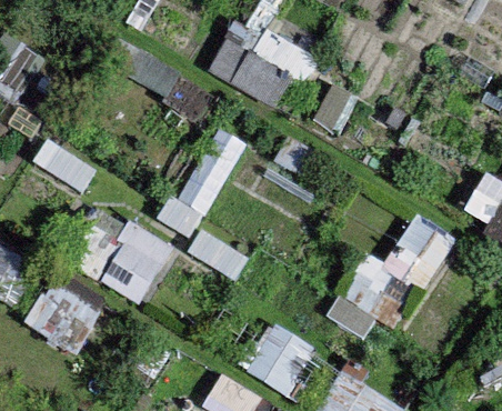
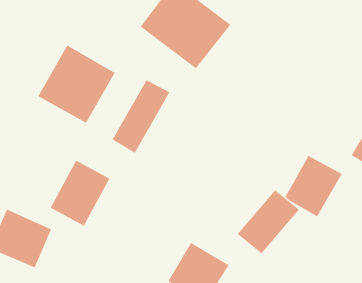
building: none -> [37,45,116,124]

